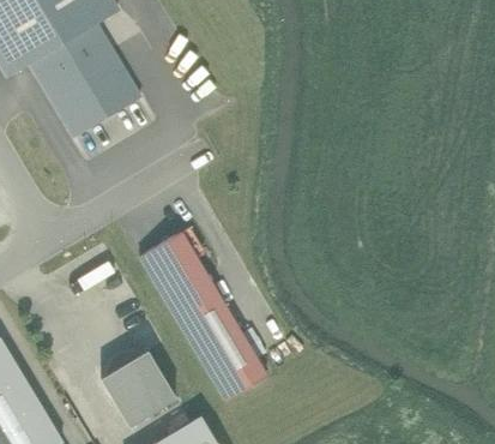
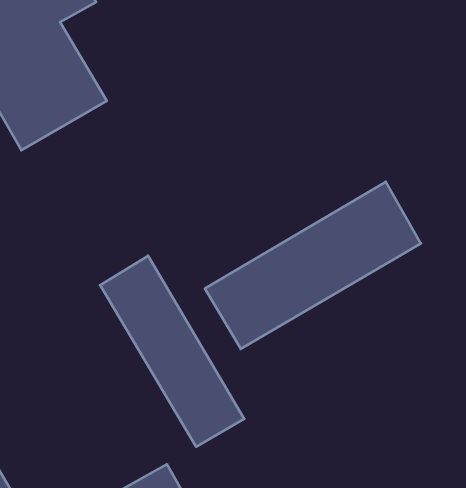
building: none -> [205,182,421,349]
building: [95,349,171,425] -> none

